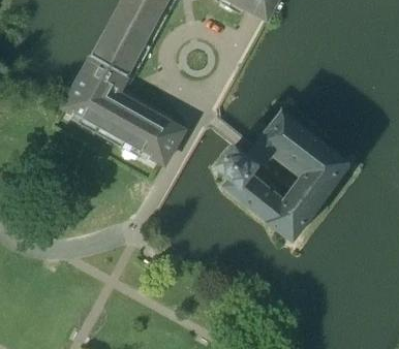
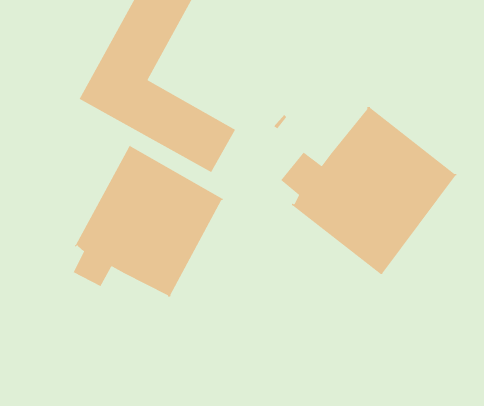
building: none -> [73,145,224,298]

